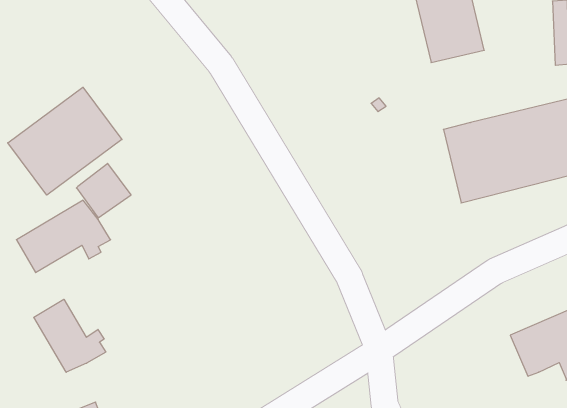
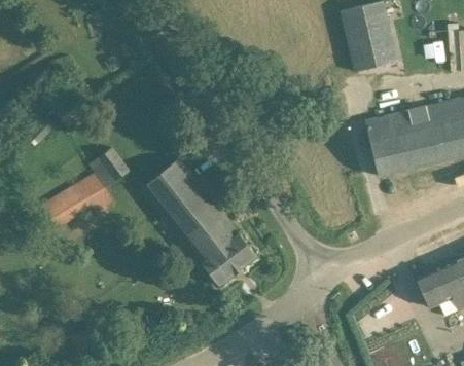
building: [8,87,122,195] -> none
building: none -> [143,158,258,286]
building: [34,299,106,372] -> none

